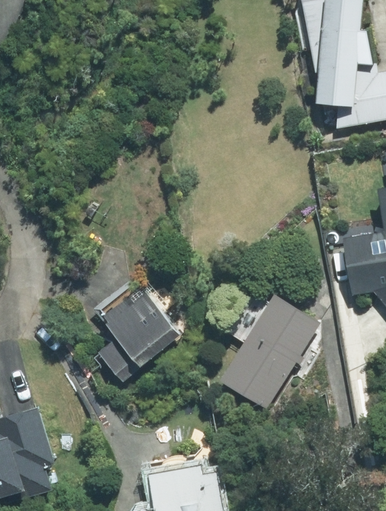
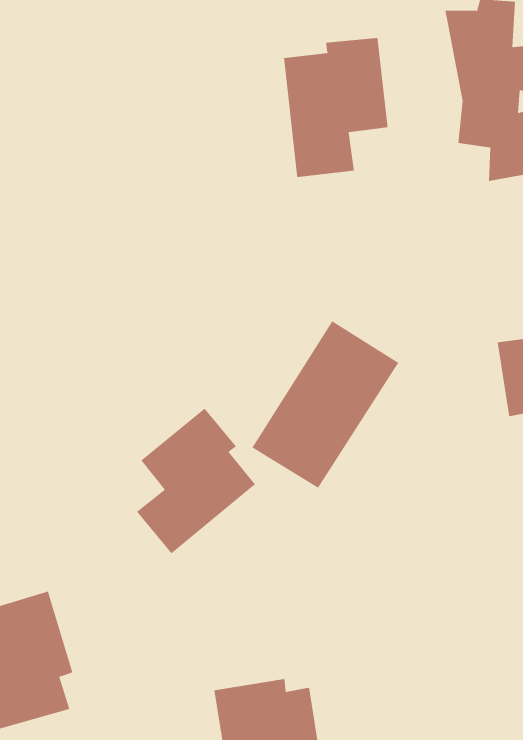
building: none -> [283,37,388,178]
building: [220,294,321,409] -> [251,320,399,489]

